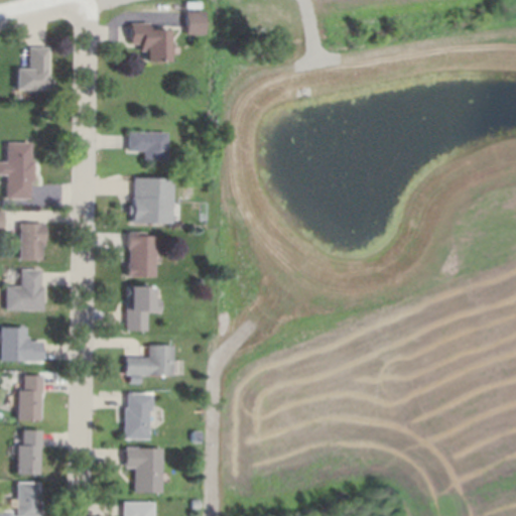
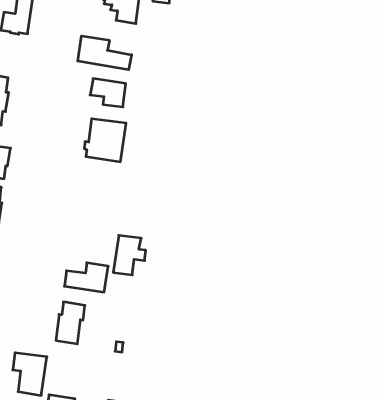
building: none -> [78,36,132,70]
building: [129,232,156,276] -> none
building: [127,287,161,331] -> [113,235,146,275]
building: [126,447,163,493] -> [13,353,47,395]

